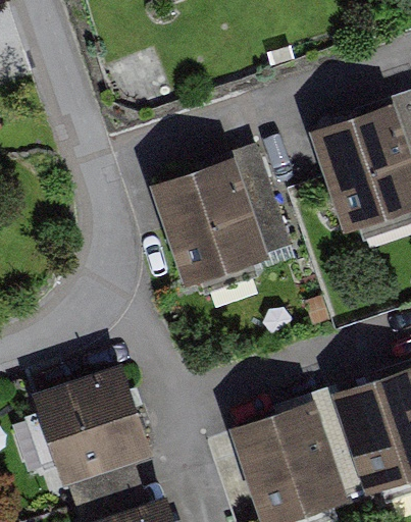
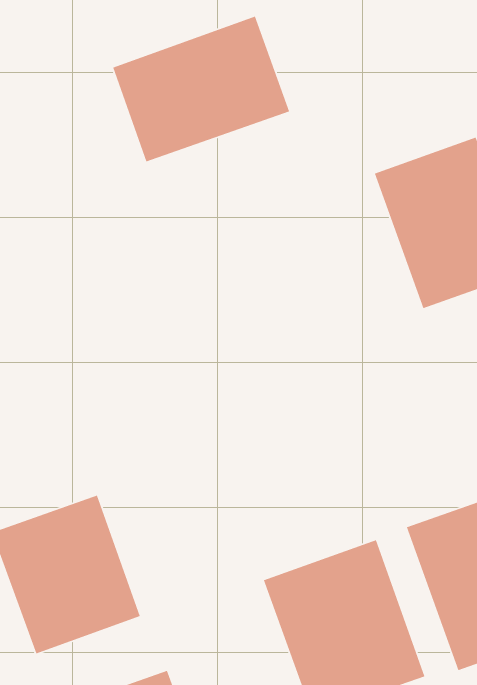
building: none -> [112,16,290,163]
building: [152,152,290,282] -> none

